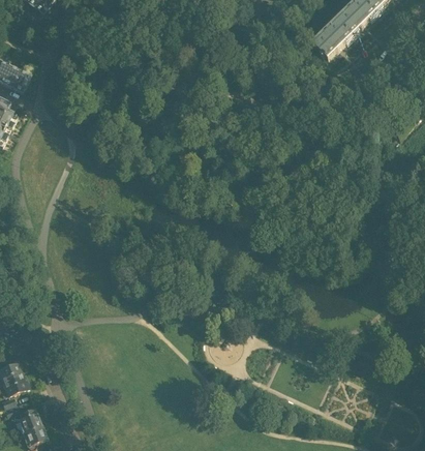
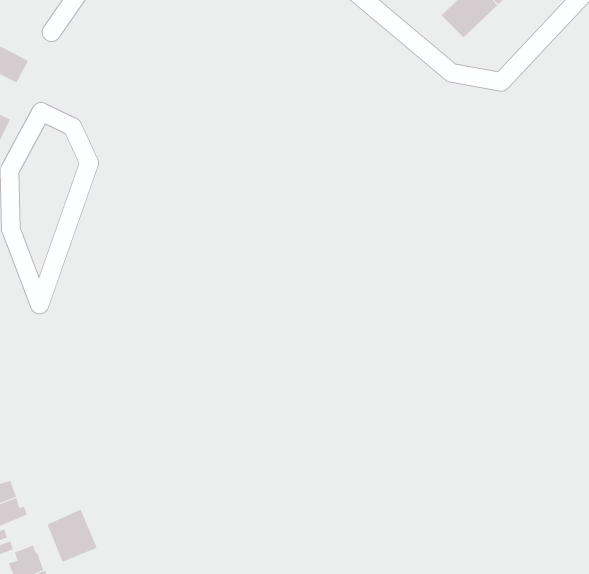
building: none -> [47,509,97,562]

